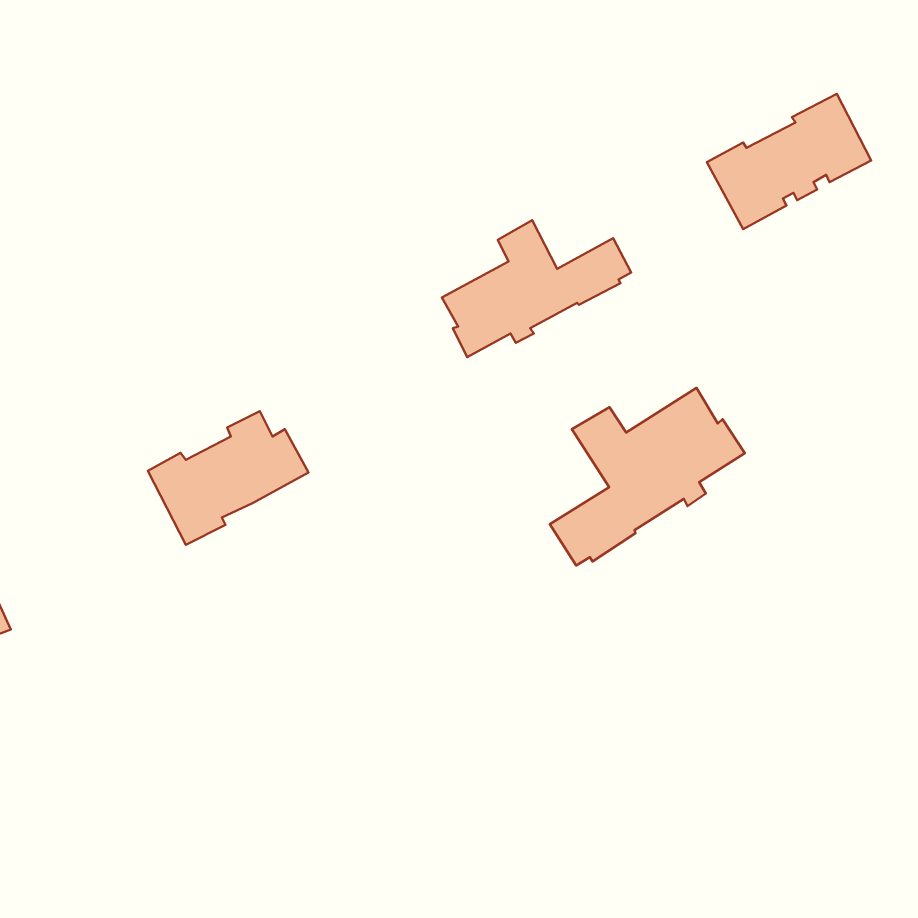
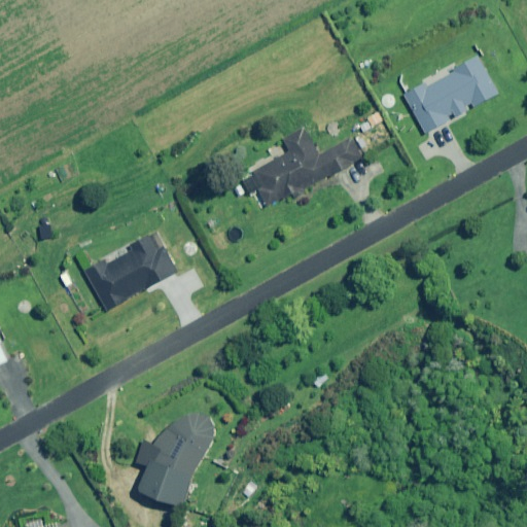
building: [550,388,745,565] -> none
building: none -> [139,413,213,506]

